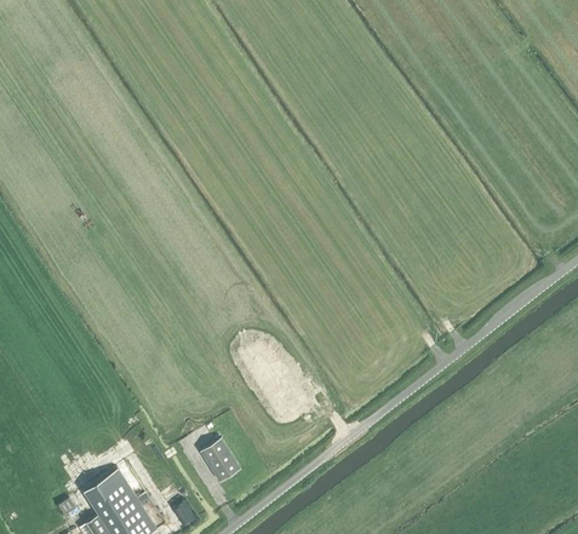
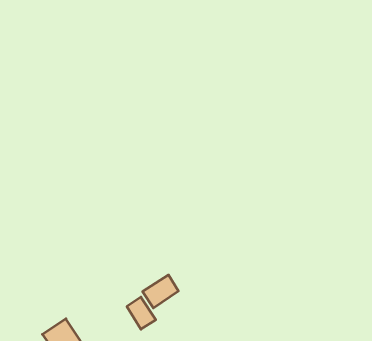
building: none -> [143,275,178,308]

